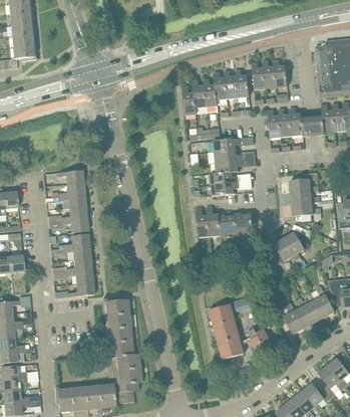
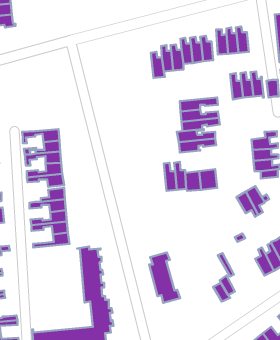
building: [212,303,245,358] -> [149,252,180,303]
building: [276,303,305,334] -> none

